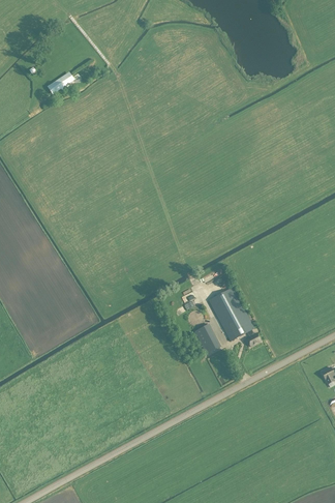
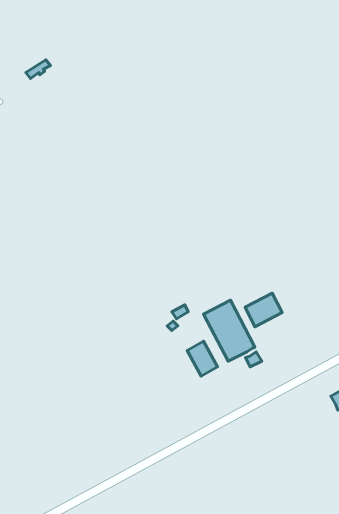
building: none -> [245,293,282,327]

